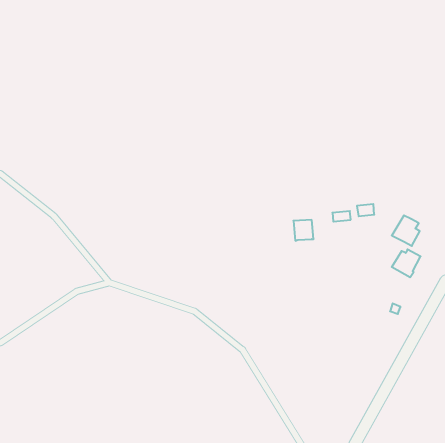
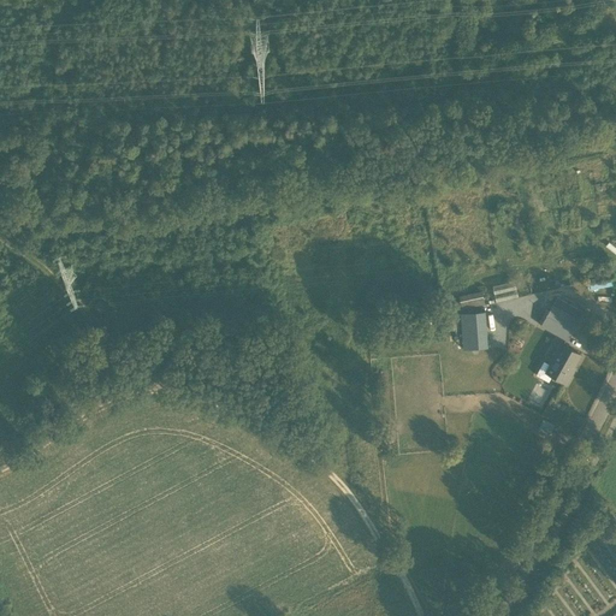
building: [293,220,314,241] -> [461,314,488,343]

